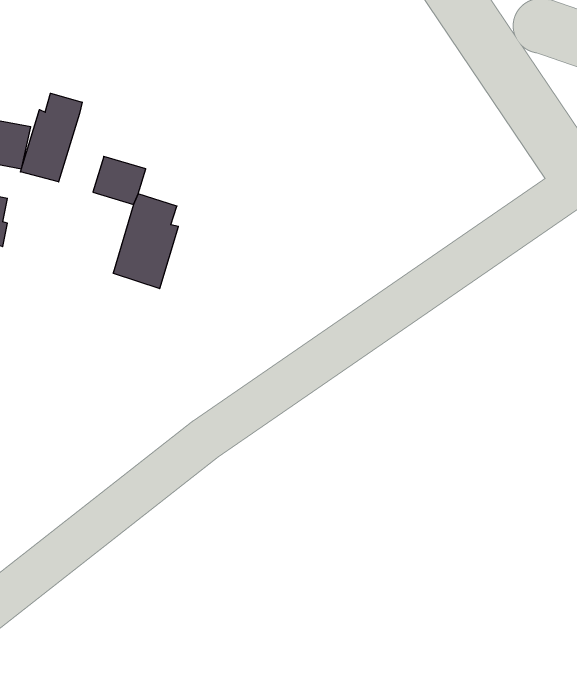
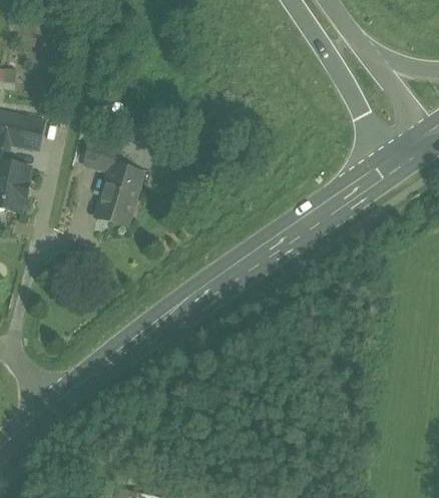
building: [20,93,82,182] -> none

